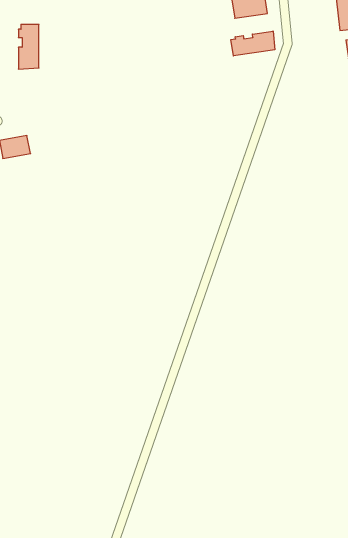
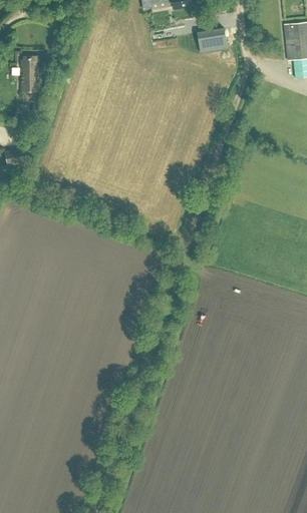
building: [231,31,275,56] -> none

